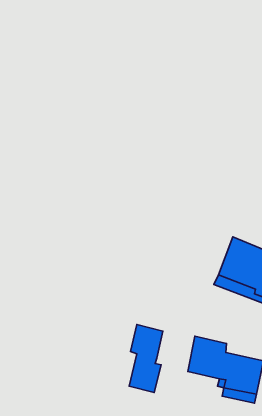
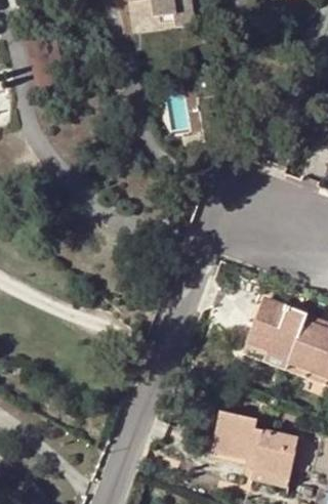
building: [129,324,163,392] -> none

